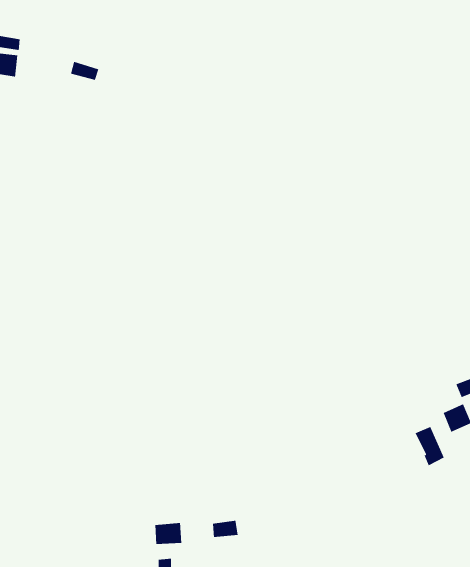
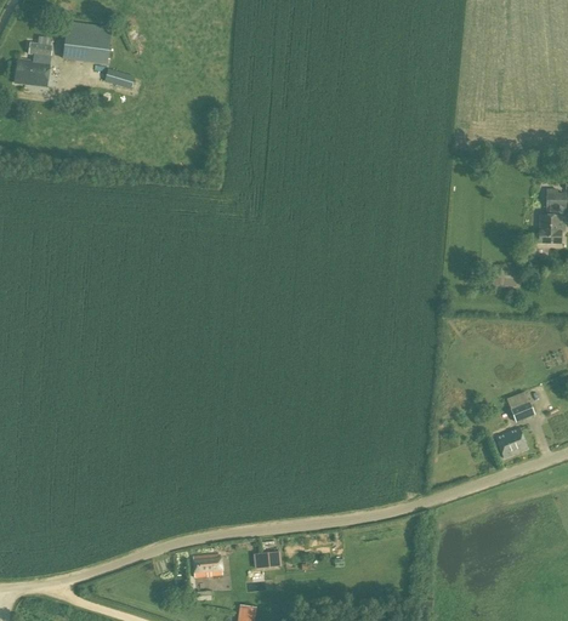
building: none -> [62,28,109,64]
building: [415,426,445,466] -> none

